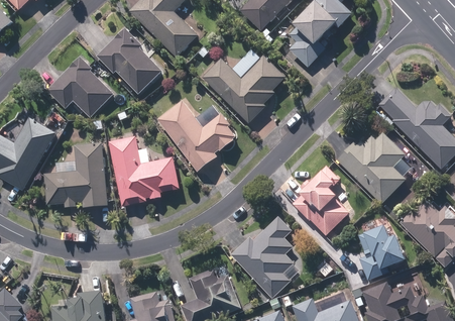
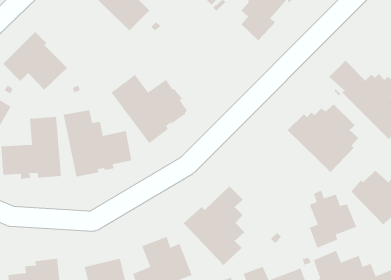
building: [96,30,161,96] -> none
building: [202,58,285,124] -> none
building: [293,166,348,234] -> none

